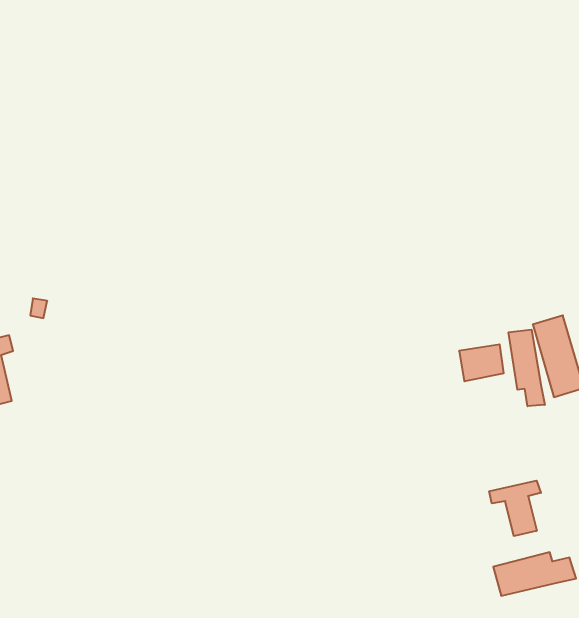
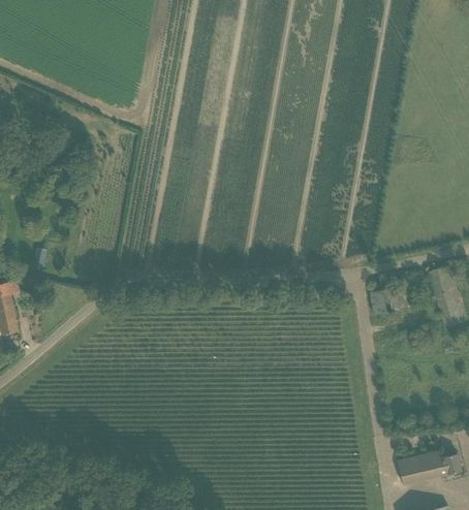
building: [509,330,545,406] -> none
building: [489,481,541,536] -> none

